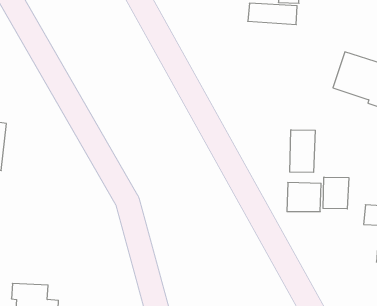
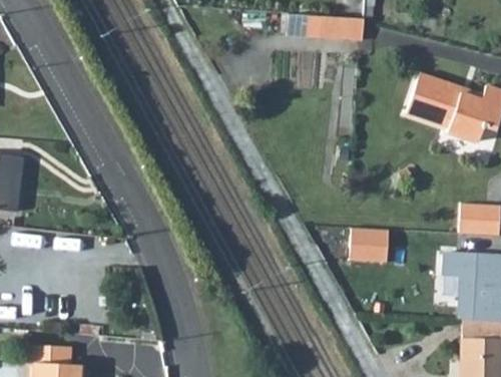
building: [290,130,315,172] -> none
building: [323,177,349,209] -> none

